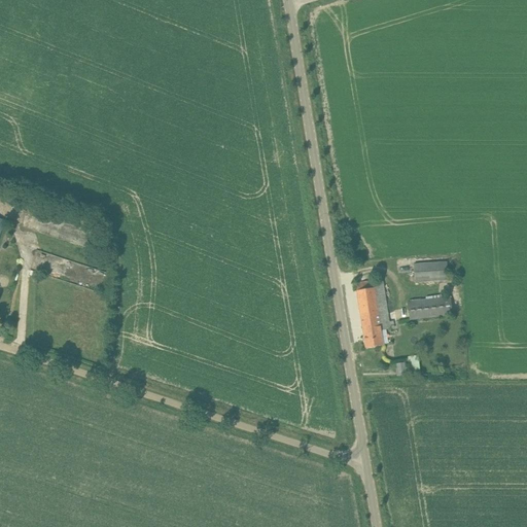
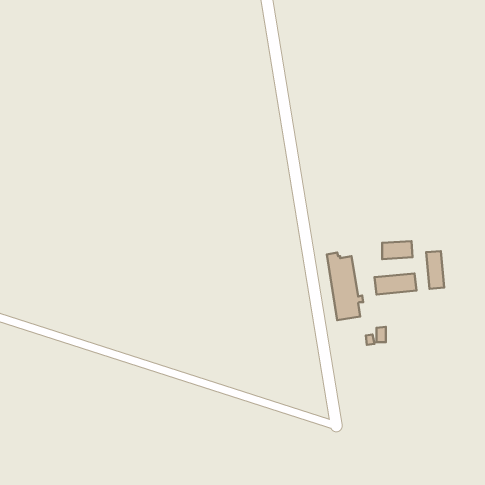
building: none -> [426,251,444,289]

